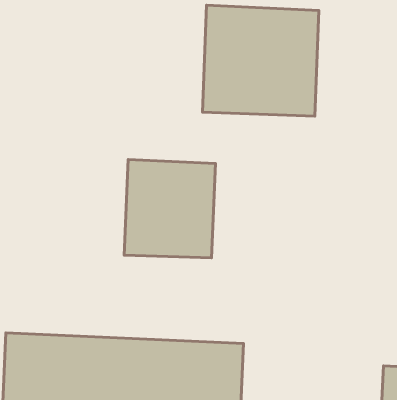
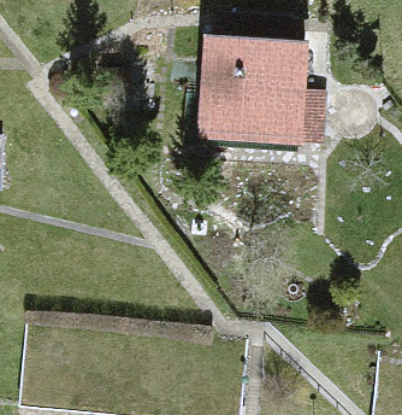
building: [124,159,216,258] -> none

